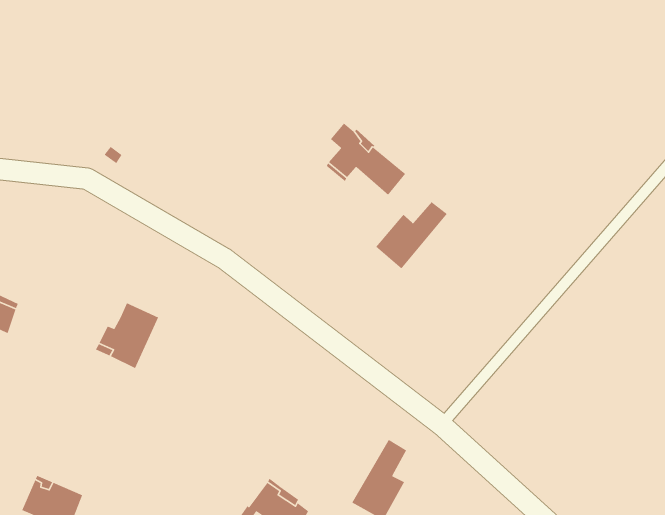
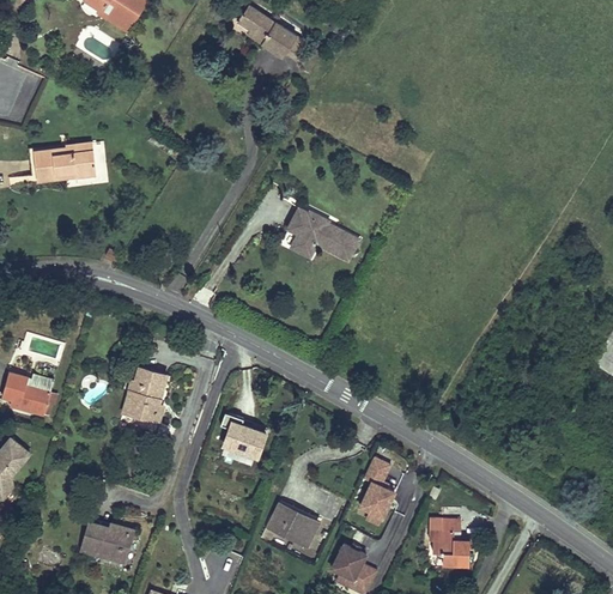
building: none -> [34,144,96,176]
building: [375,201,448,270] -> none
building: none -> [217,417,266,459]

